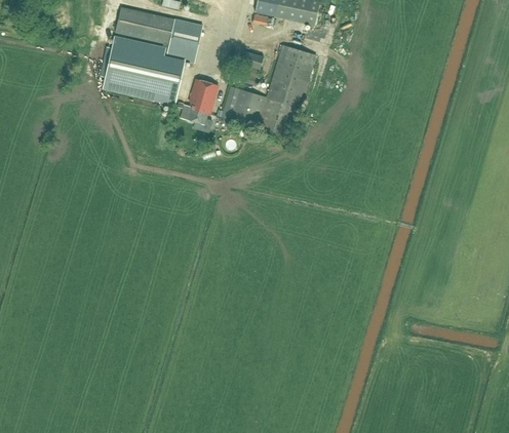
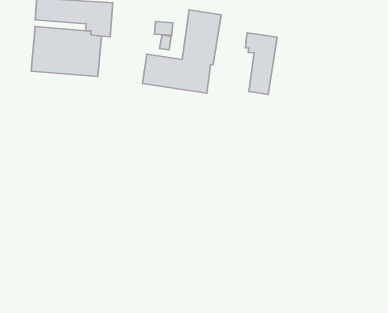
building: [180,78,218,124] -> none
building: none -> [246,33,277,95]

